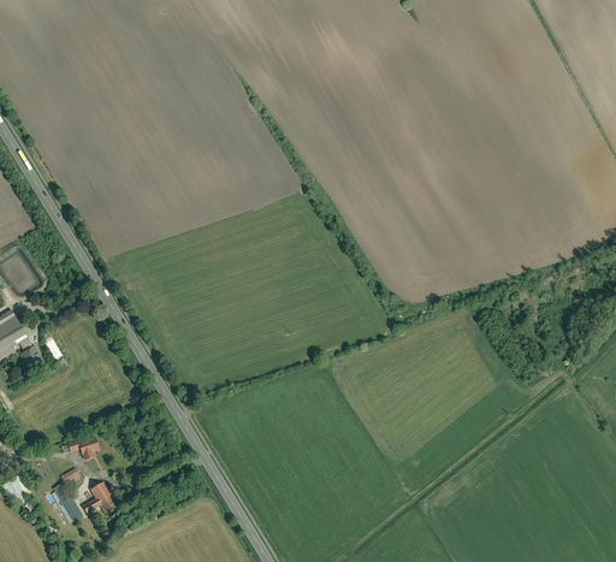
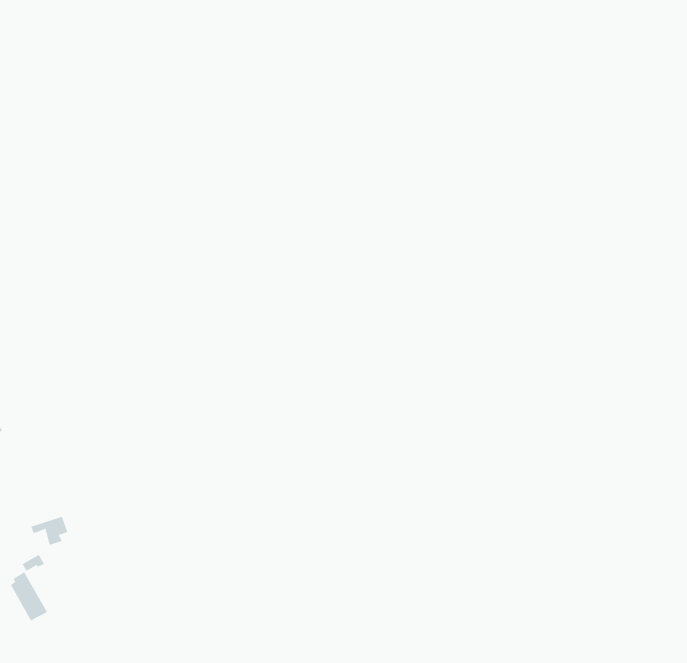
building: [84,481,118,515] -> none

